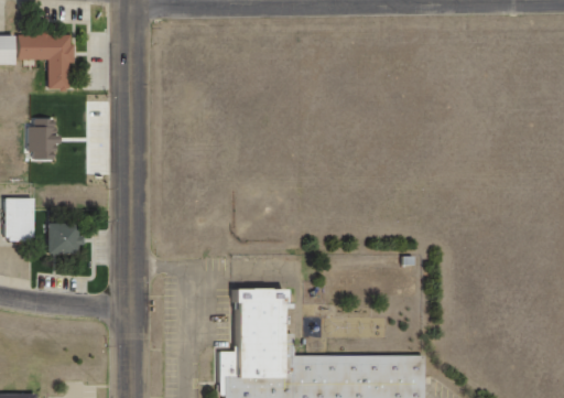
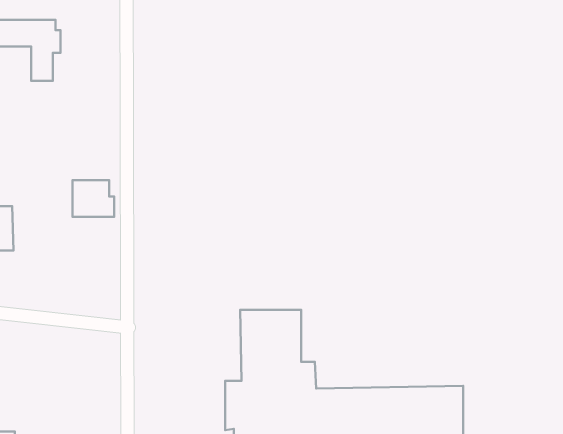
building: [30,114,53,153] -> none
building: [50,224,86,256] -> [73,180,114,217]

